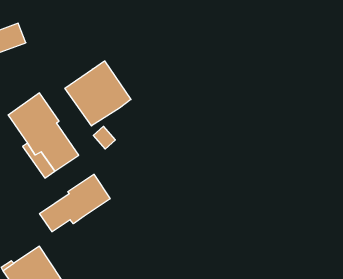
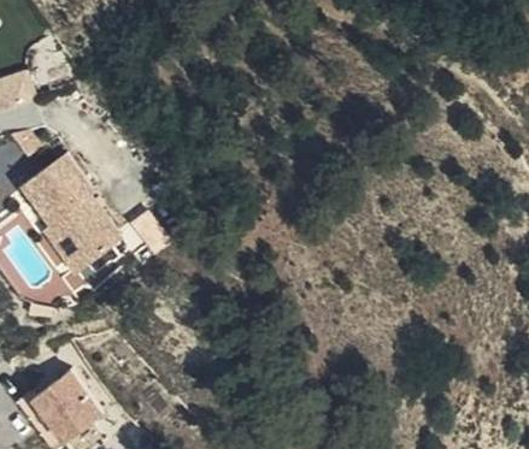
building: [65,61,131,126] -> none
building: [40,174,110,232] -> none

